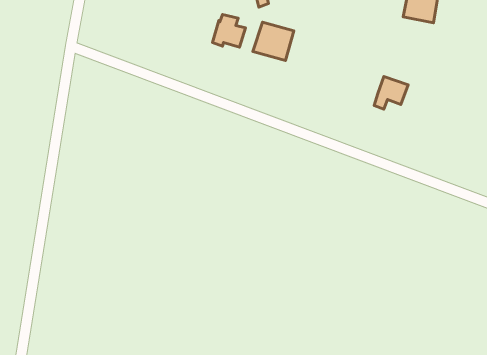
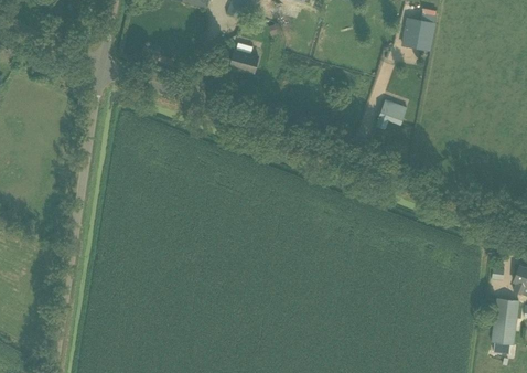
building: [253,22,294,61] -> none

